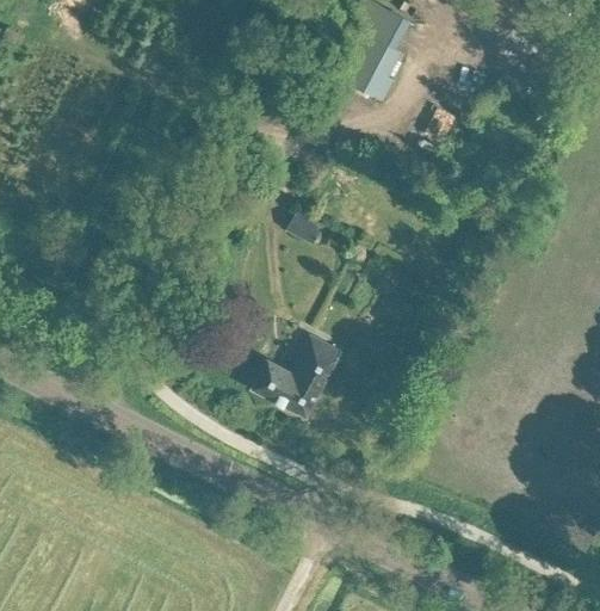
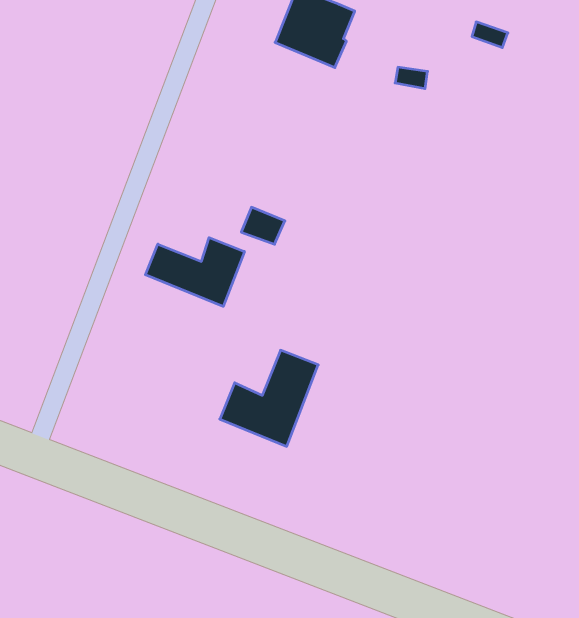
building: none -> [145,238,244,306]

